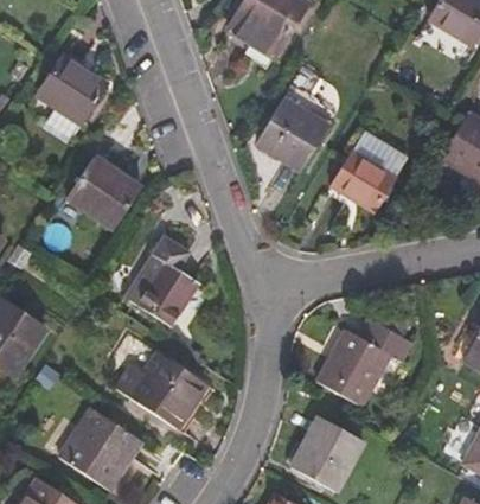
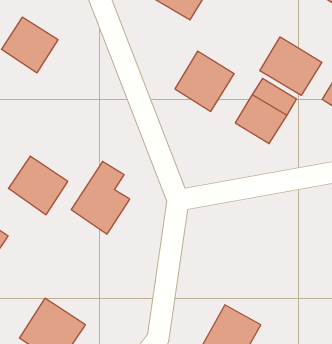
building: none -> [260,37,322,95]
building: [66,155,141,229] -> [8,156,68,215]
building: [316,318,410,404] -> none
building: [119,351,205,428] -> none

